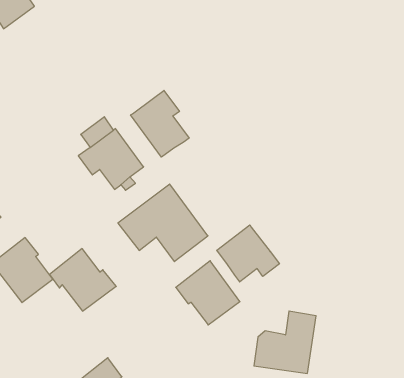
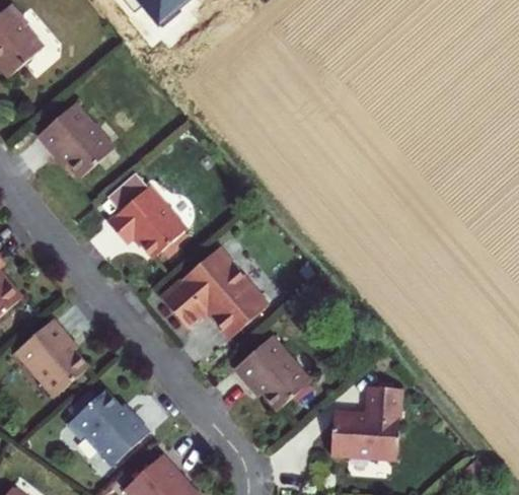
building: none -> [38,102,115,178]
building: [131,90,189,157] -> none
building: [217,225,279,282] -> none
building: [49,249,116,311] -> [67,393,147,467]

